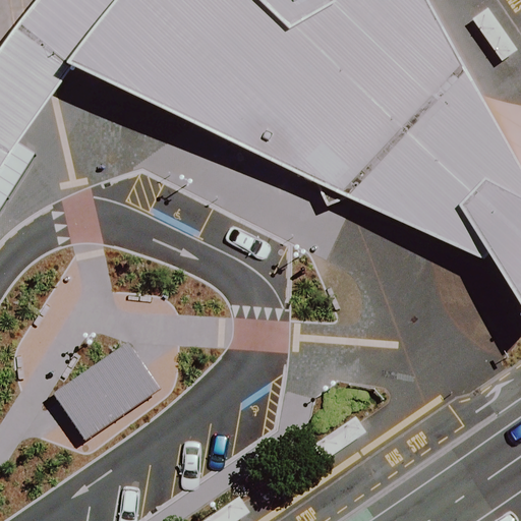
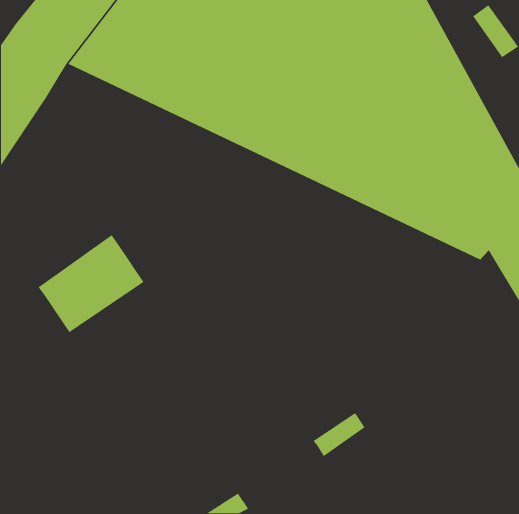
building: [53,337,160,436] -> [38,234,144,333]

